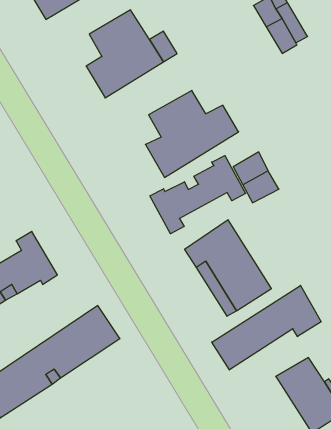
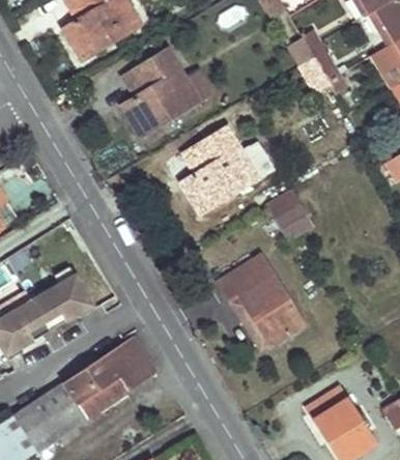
building: [150,156,245,234] -> none
building: [212,285,321,370] -> none

